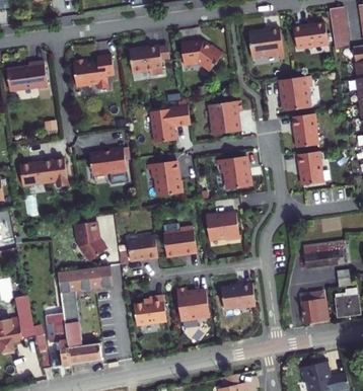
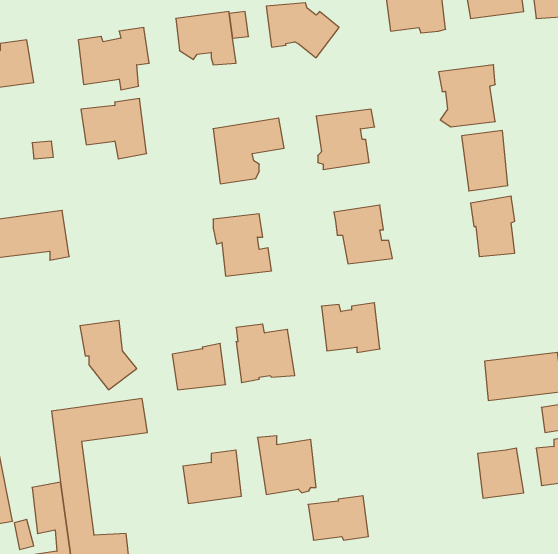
building: [89,147,127,181] -> [81,99,147,159]
building: [221,283,256,308] -> [308,496,368,540]

